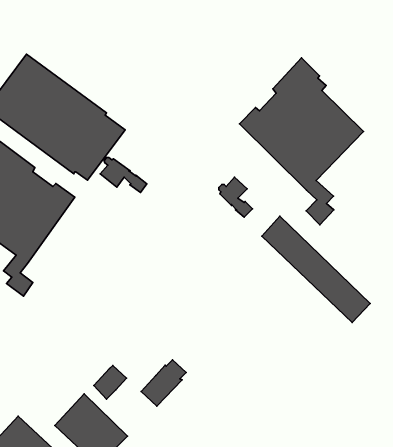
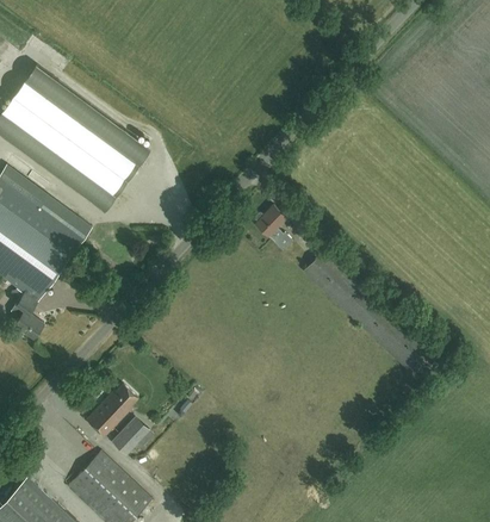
building: [240,58,364,225] -> none
building: [100,158,147,193] -> none
building: [141,360,186,406] -> [87,384,138,436]

